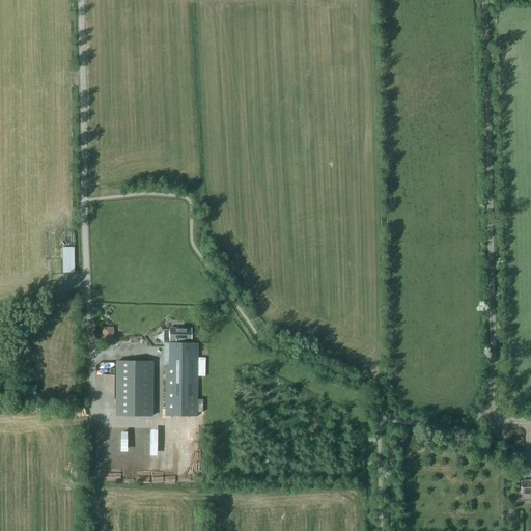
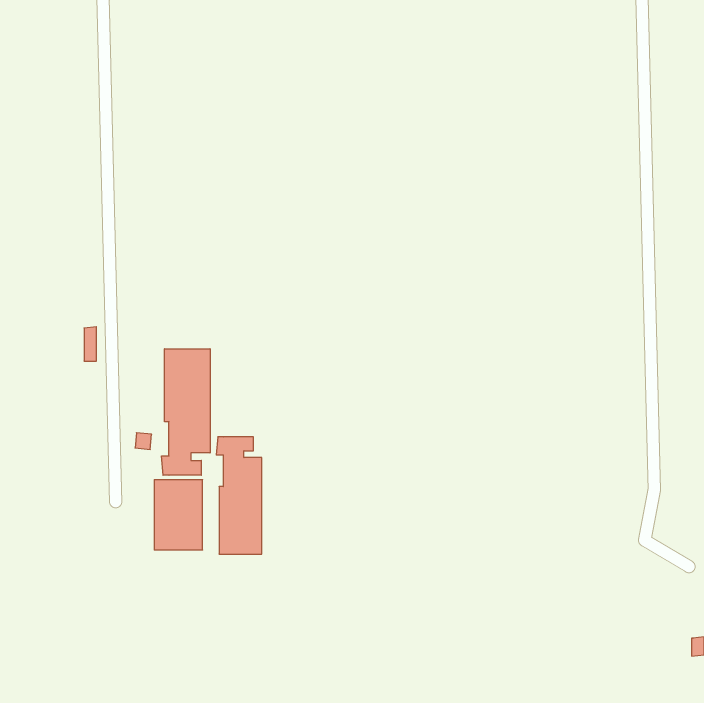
building: none -> [162,349,210,475]

